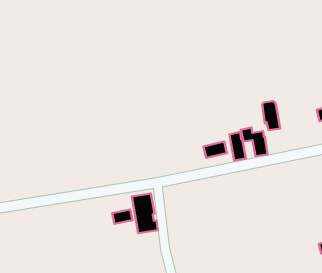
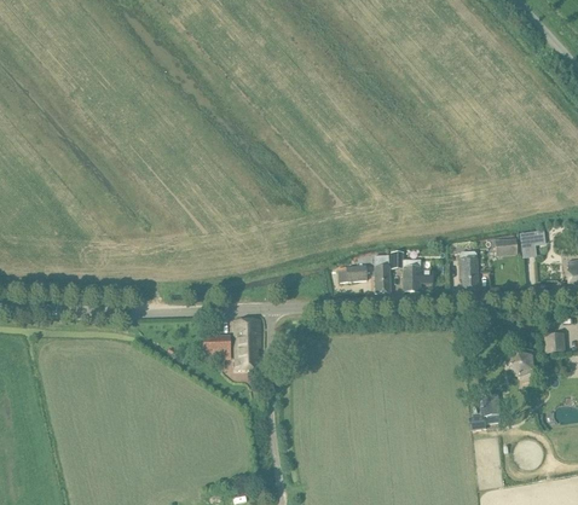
building: [262,101,280,130] -> [458,251,478,289]

